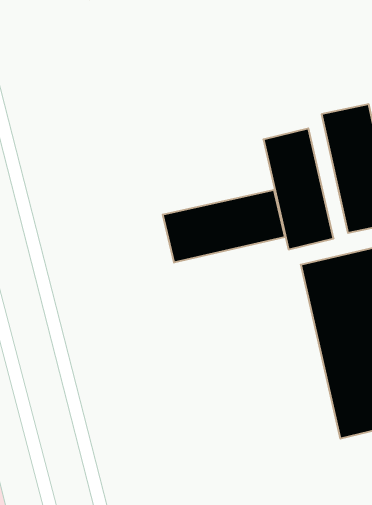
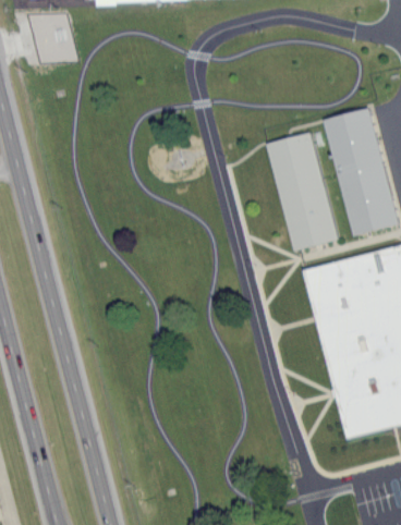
building: [163,190,285,263] -> none

